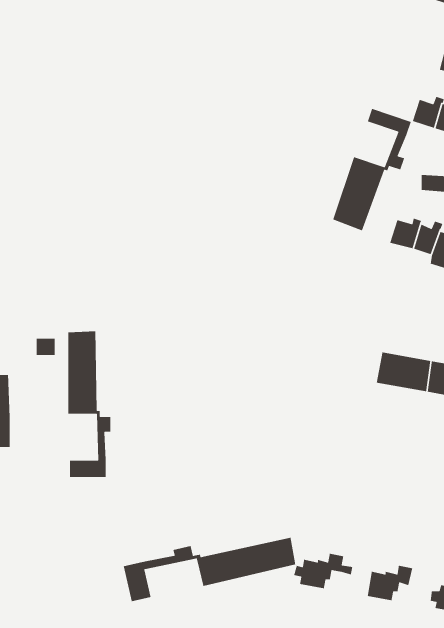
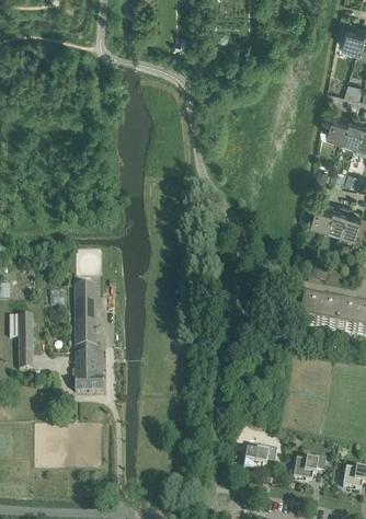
building: [332,108,412,231] -> none
building: none -> [72,344,96,377]
building: [123,537,296,602] -> none

